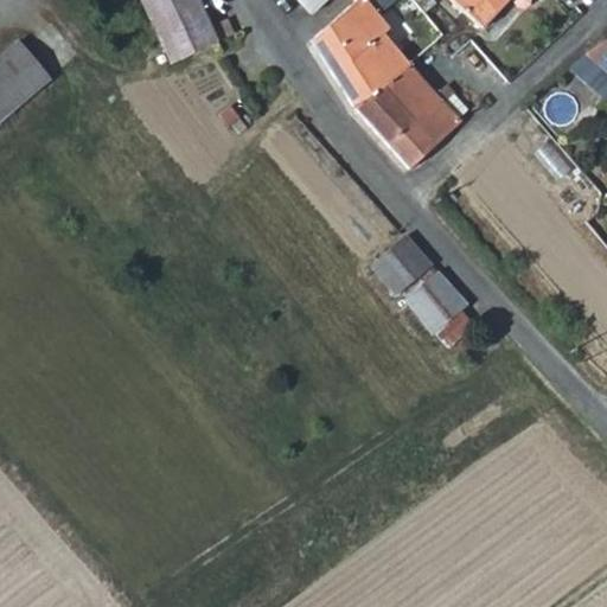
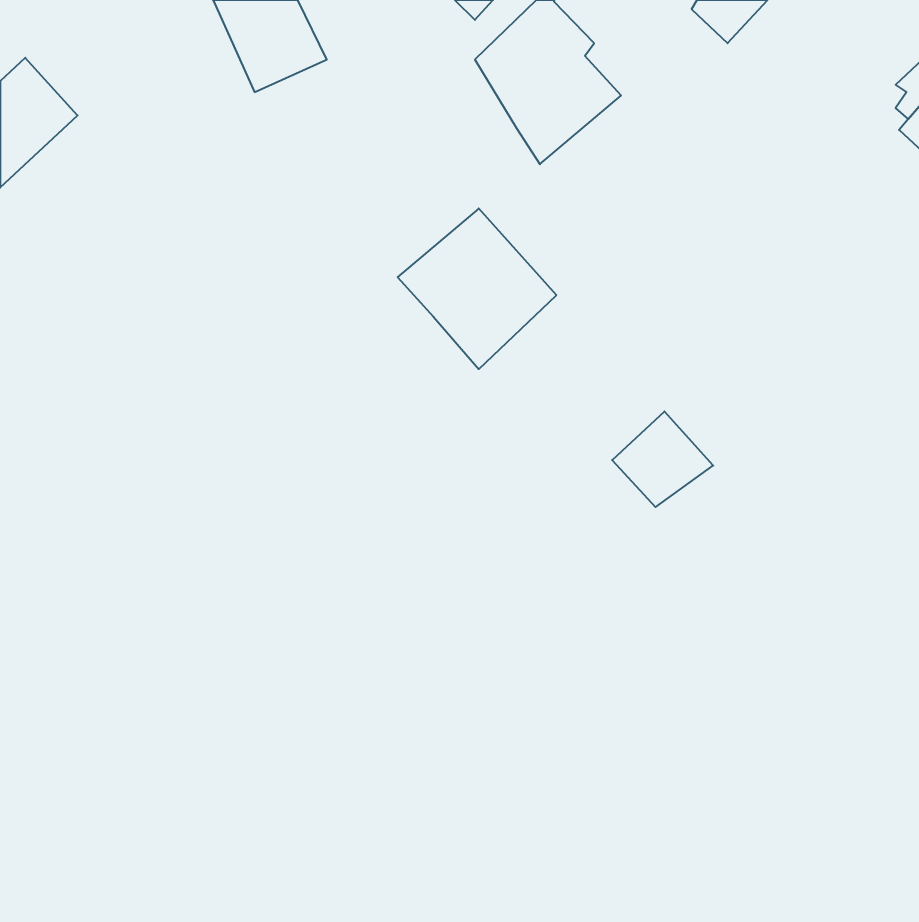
building: [357,63,461,168] -> [398,208,556,369]
building: [373,237,434,300] -> none

